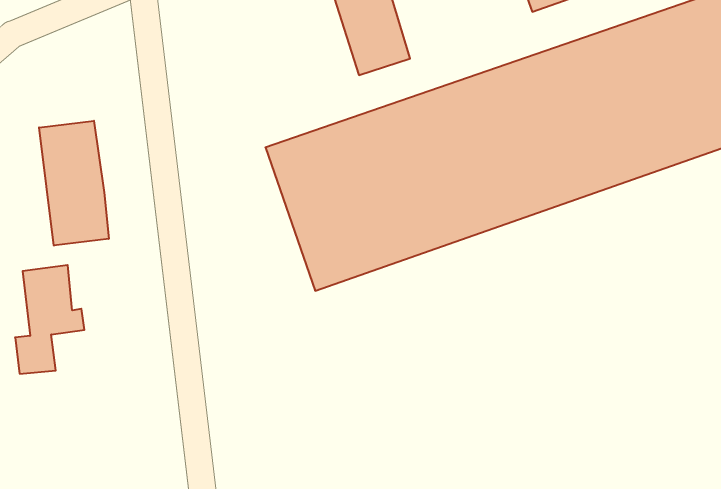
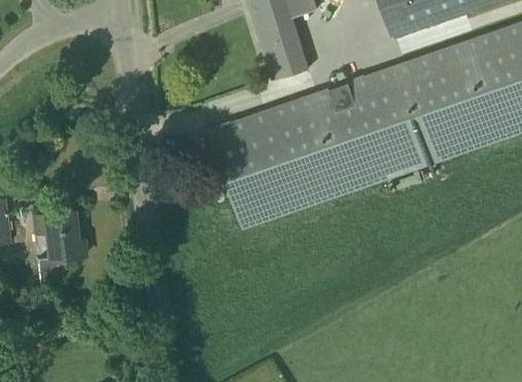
building: [39,121,109,246] -> none

